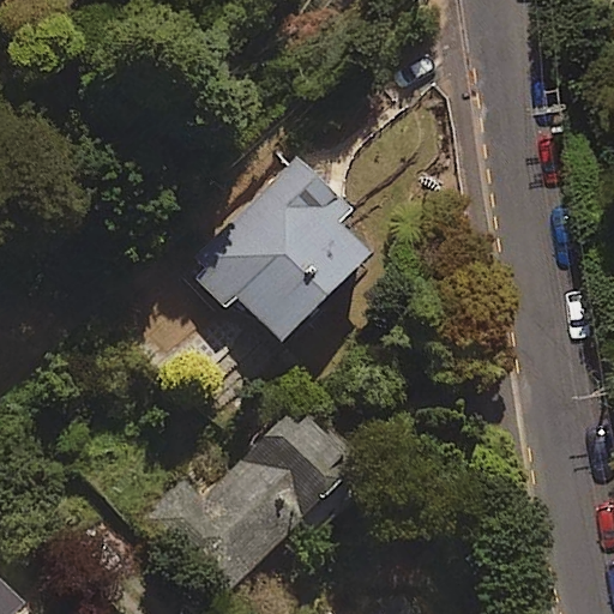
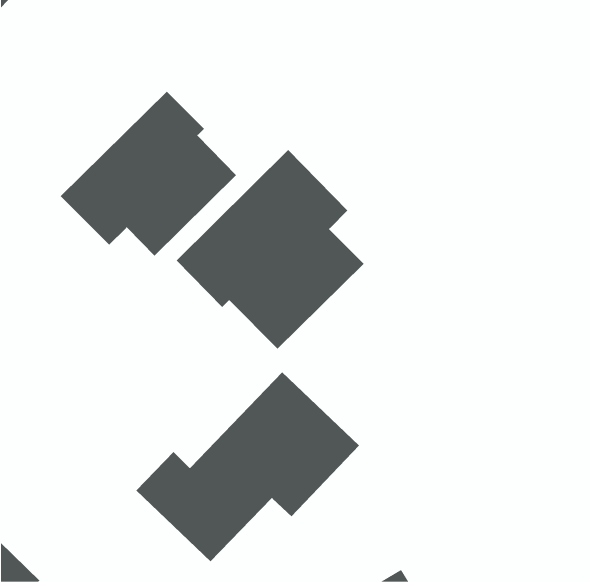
building: none -> [60,91,237,257]

